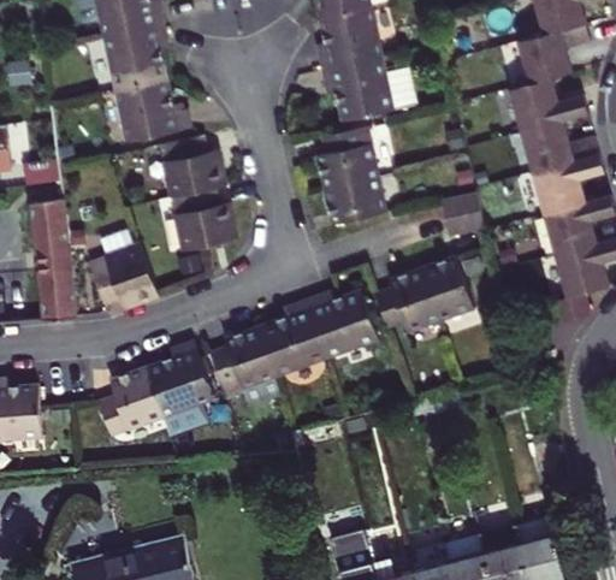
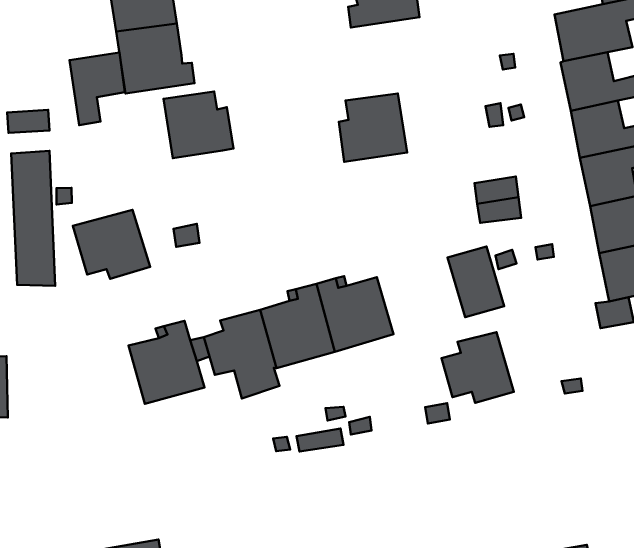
building: [321,54,414,123] -> none
building: none -> [69,53,125,125]
building: [324,179,386,226] -> none
building: [172,189,236,251] -> none
building: [374,270,440,333] -> [441,332,514,403]
building: [99,367,162,437] -> none

